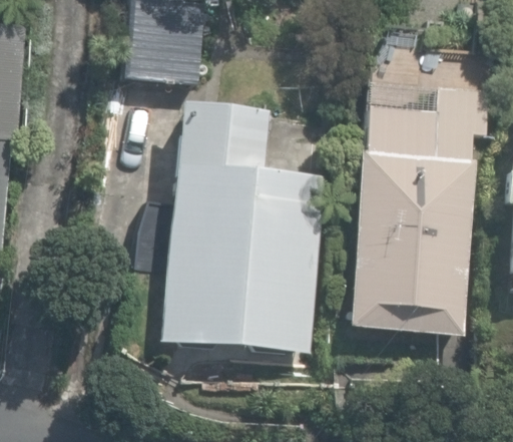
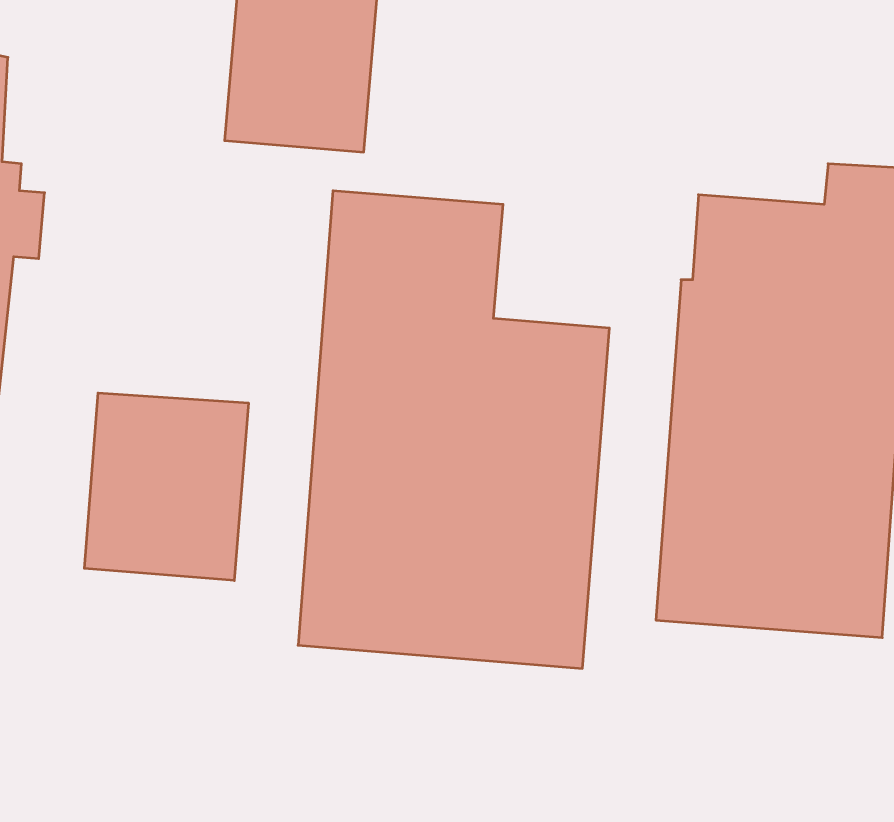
building: none -> [84,393,248,581]

